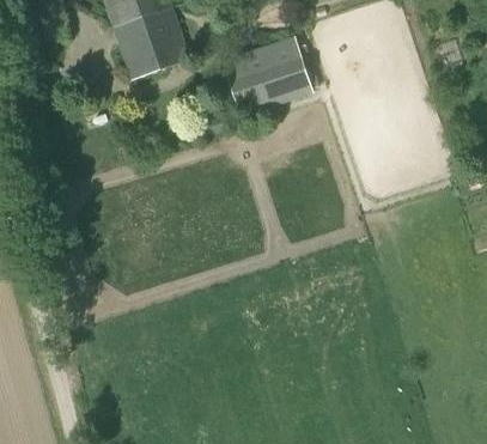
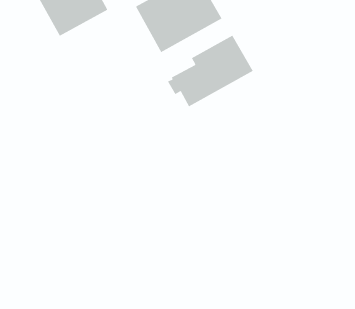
building: none -> [167,35,254,107]

